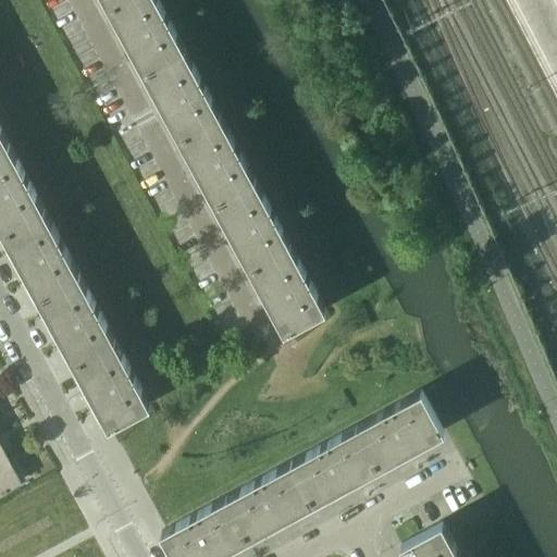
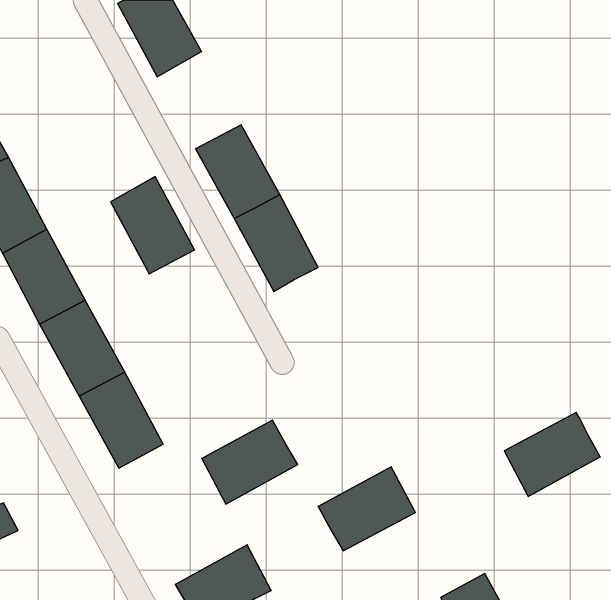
building: [143,59,219,147] -> [111,177,195,274]
building: [248,255,324,342] -> none
building: [355,400,442,476] -> [504,412,600,496]
building: [224,471,311,547] -> [202,420,298,504]

